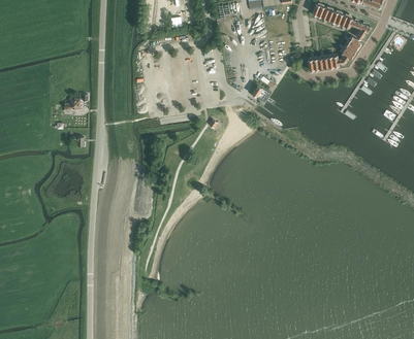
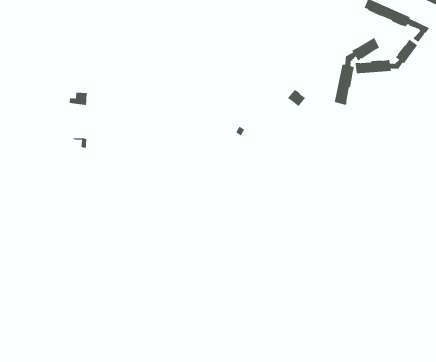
building: none -> [334,37,380,106]

